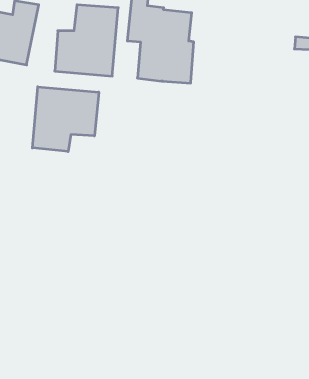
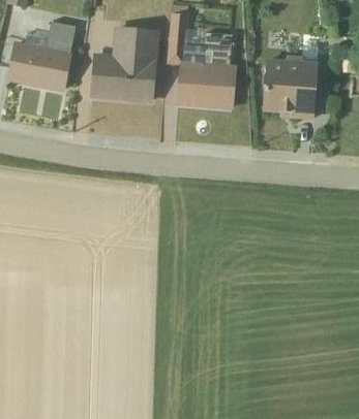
building: none -> [264,47,318,119]
building: [32,87,99,152] -> none

